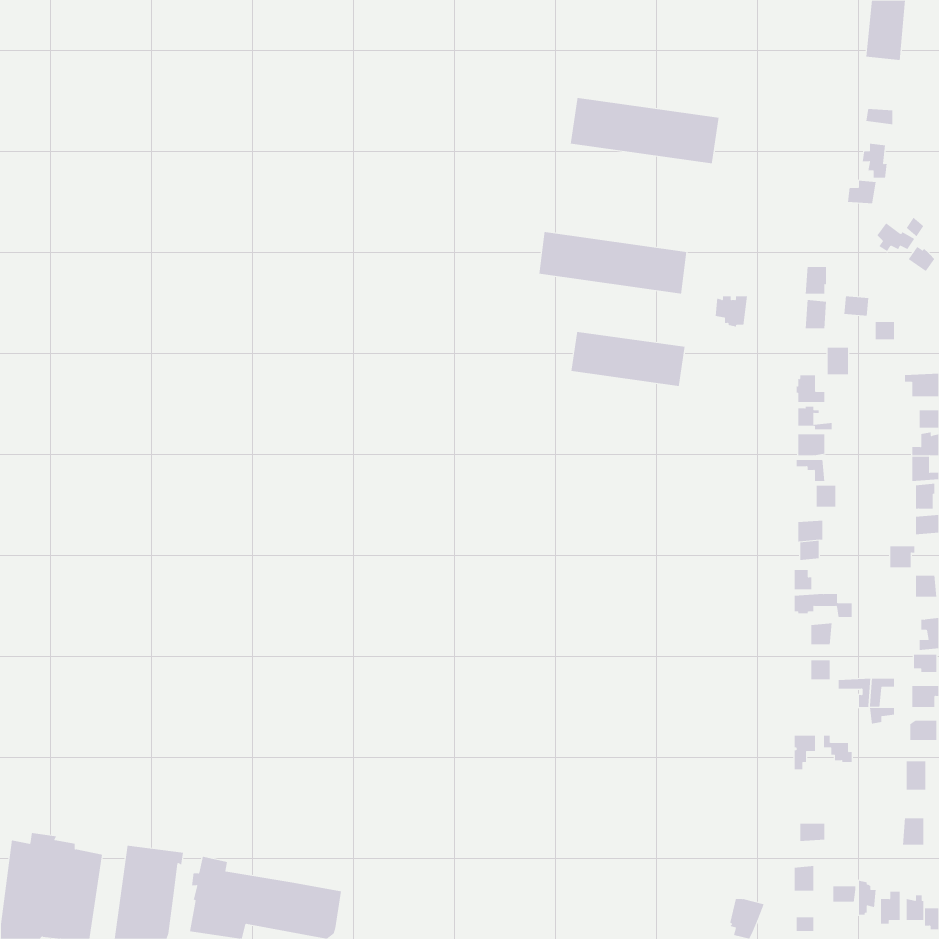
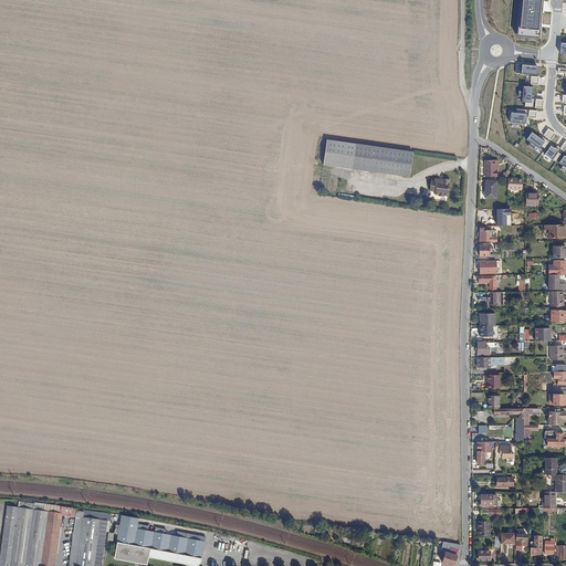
building: [570,97,719,164] -> none
building: [571,331,685,387] -> none

